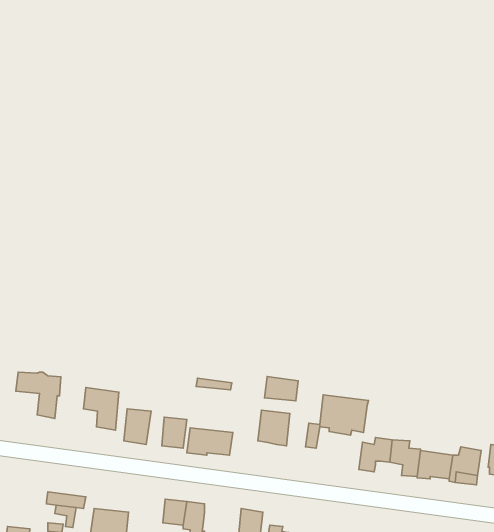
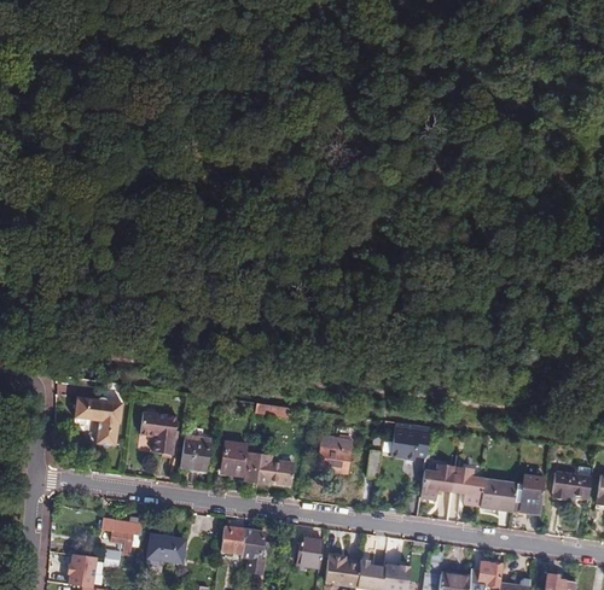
building: [265,377,298,401] -> none

